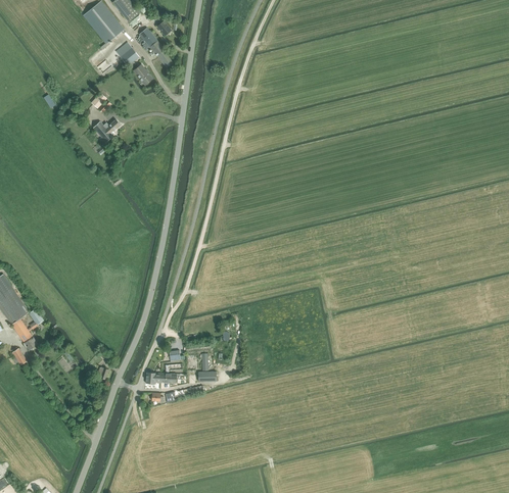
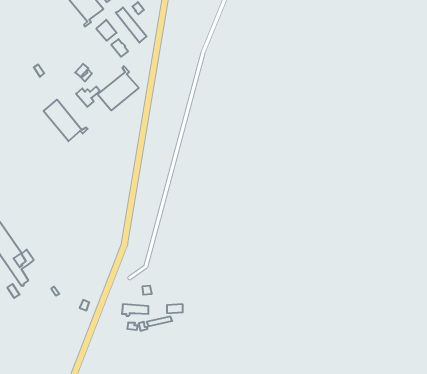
building: none -> [98,66,139,110]
building: none -> [44,100,88,141]

